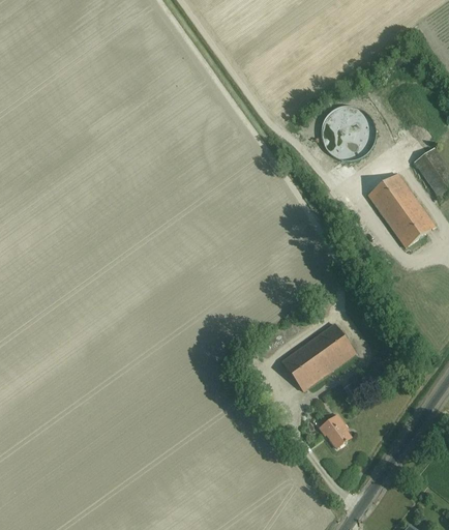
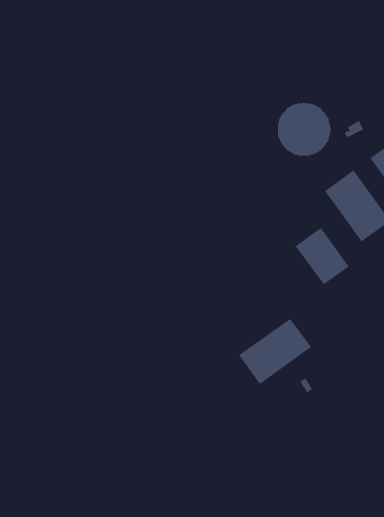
building: none -> [295,227,350,285]
building: [319,413,350,447] -> none

